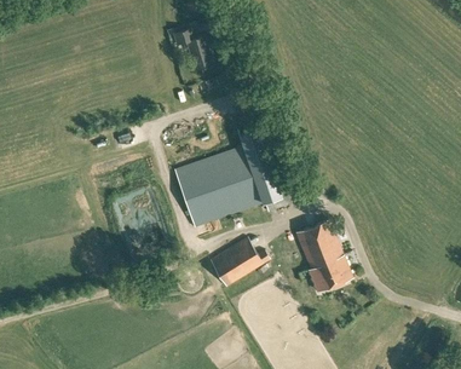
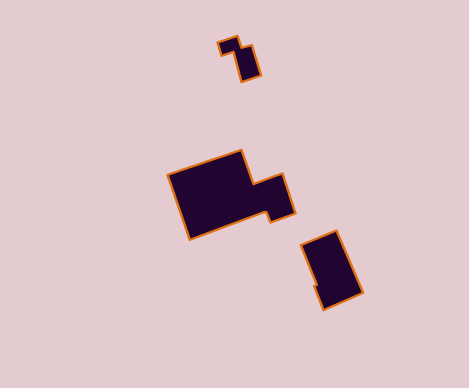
building: [172,27,212,69] -> [218,36,261,82]
building: [209,237,269,286] -> none

